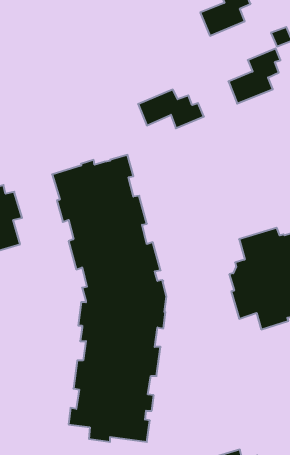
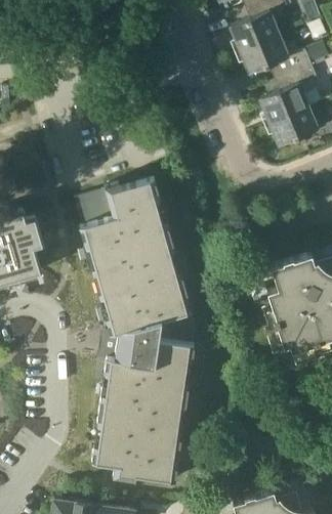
building: none -> [269,110,317,148]
building: [138,90,204,128] -> [241,38,310,79]

